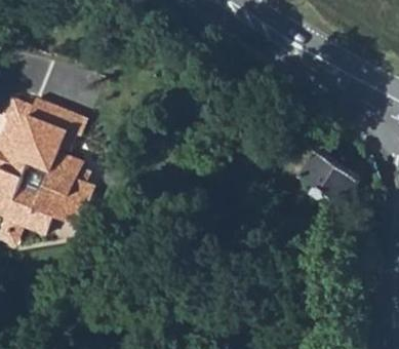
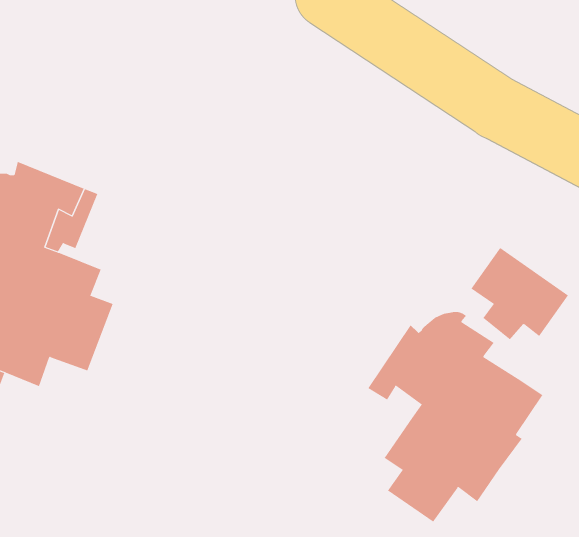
building: none -> [367,311,543,523]

